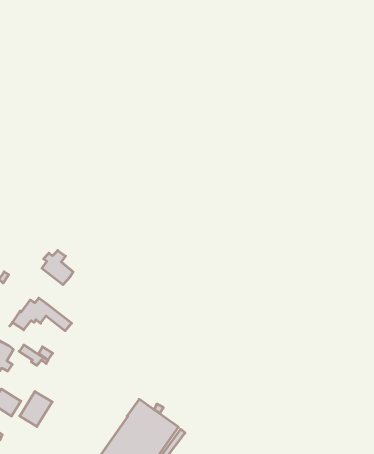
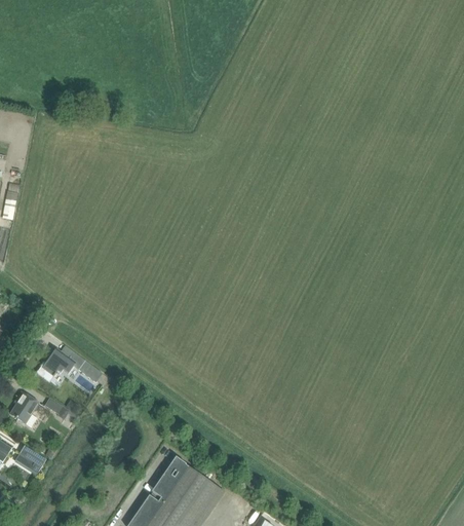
building: [42,250,73,285] -> none
building: [20,391,52,427] -> none

